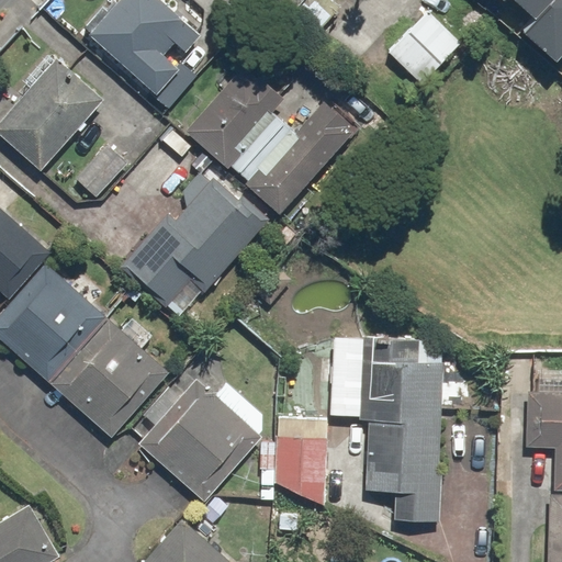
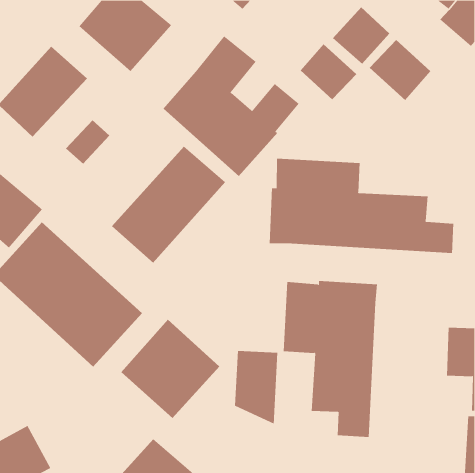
building: none -> [369,39,431,101]
building: none -> [300,44,357,100]
building: none -> [269,158,454,254]

